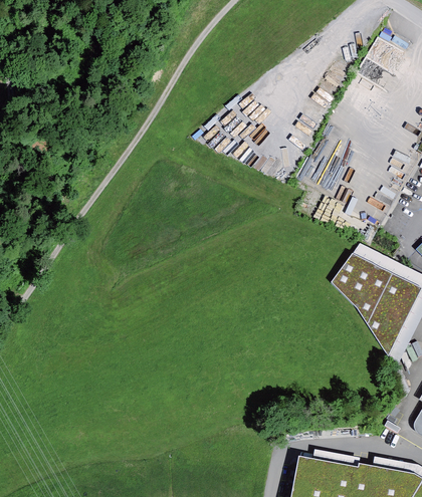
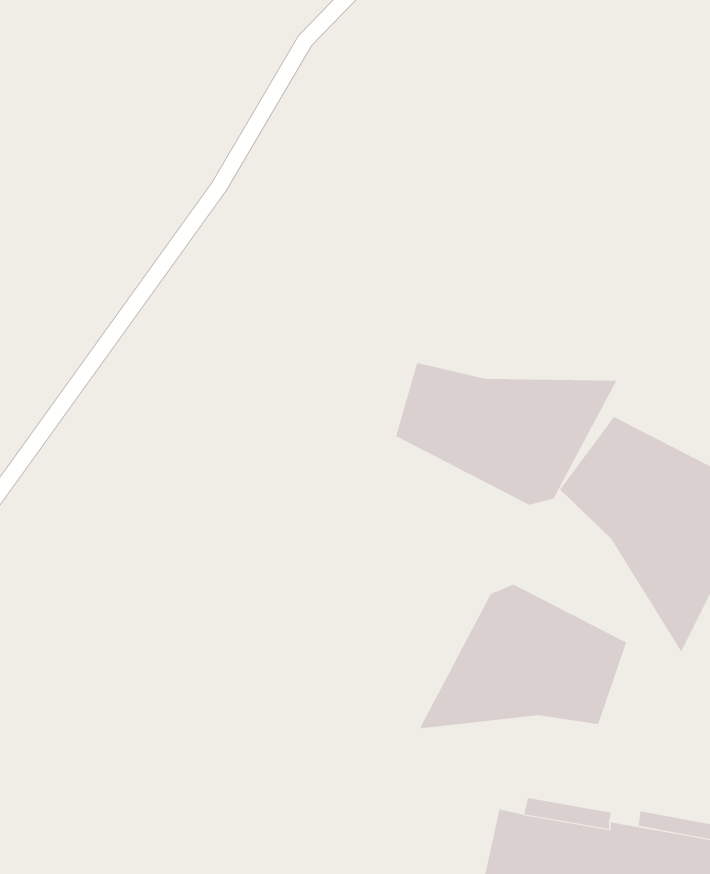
building: none -> [396,362,617,505]
building: none -> [419,584,627,729]

